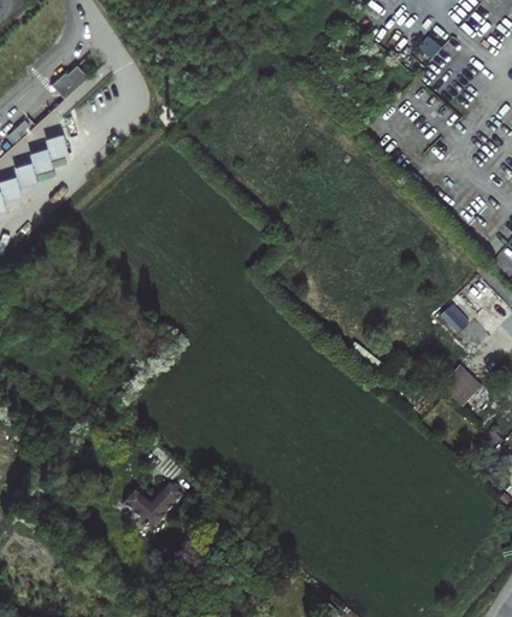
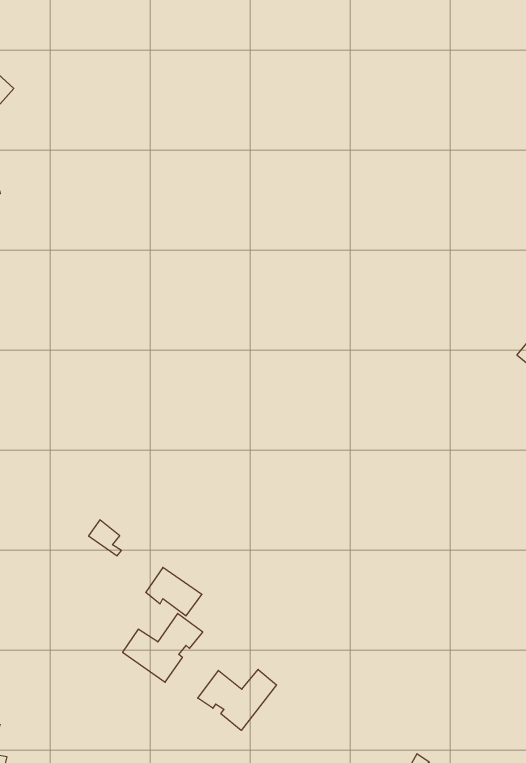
building: none -> [198,669,277,730]

